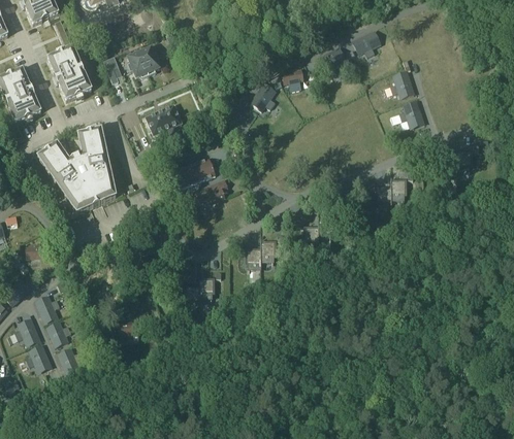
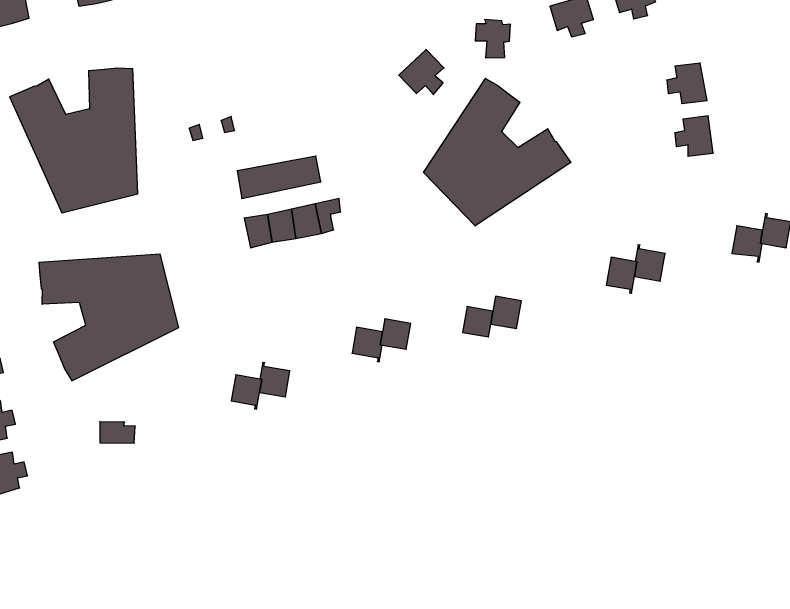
building: none -> [424,78,571,226]
building: [146,104,182,138] -> none
building: none -> [39,254,179,381]

